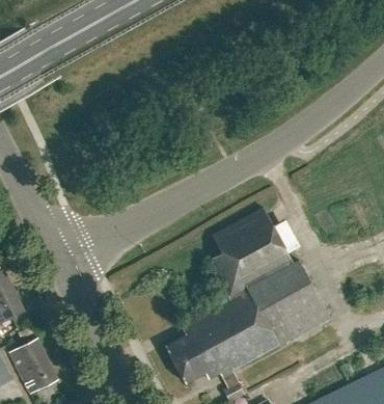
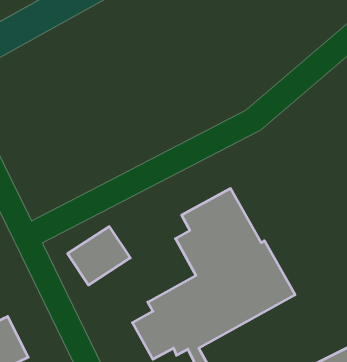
building: none -> [68,227,130,285]

